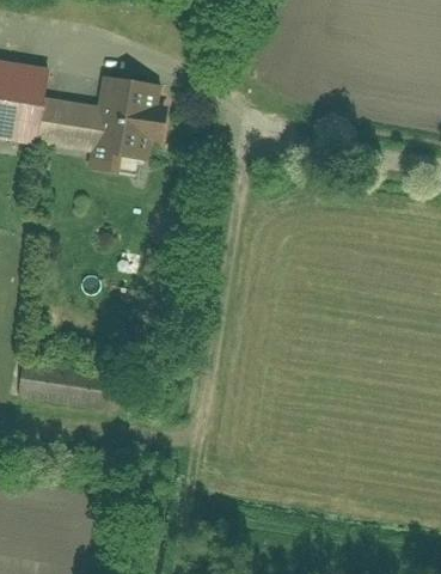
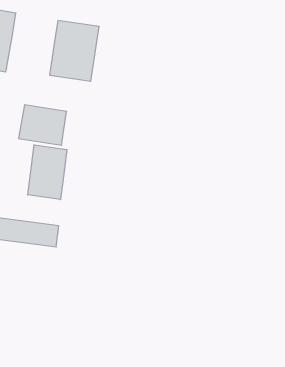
building: [32,98,100,155] -> [19,105,67,145]
building: none -> [28,145,67,200]

